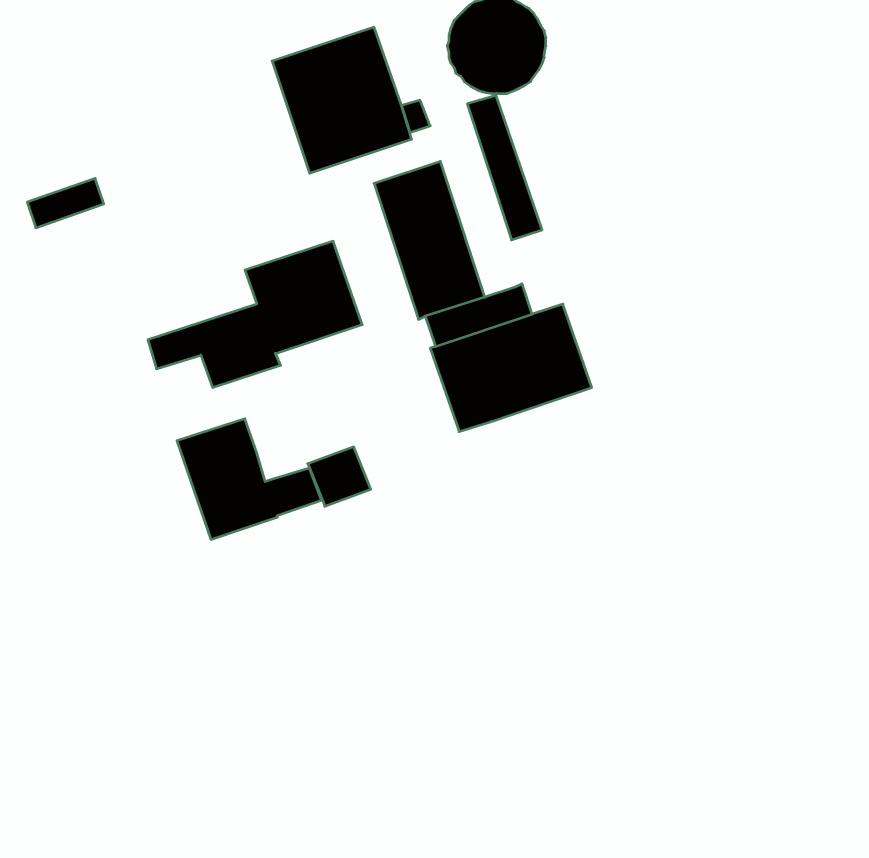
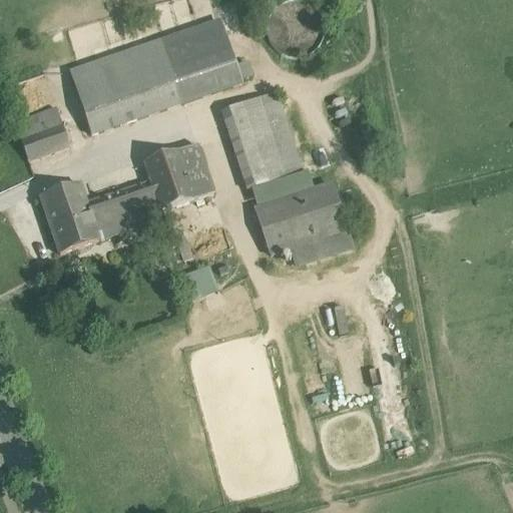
building: none -> [69,36,182,133]
building: [467,95,542,240] -> [260,90,304,175]
building: none -> [21,120,69,157]
building: none -> [290,228,354,266]
building: [177,419,321,539] -> [40,180,125,251]

